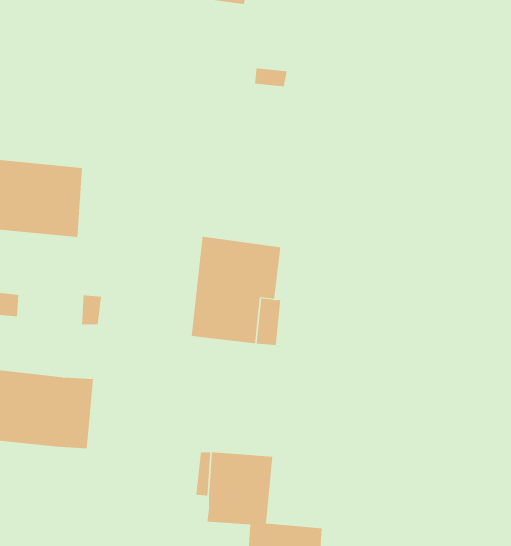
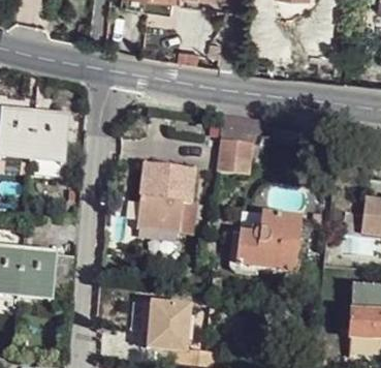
building: none -> [217,139,252,173]
building: none -> [236,211,299,270]

